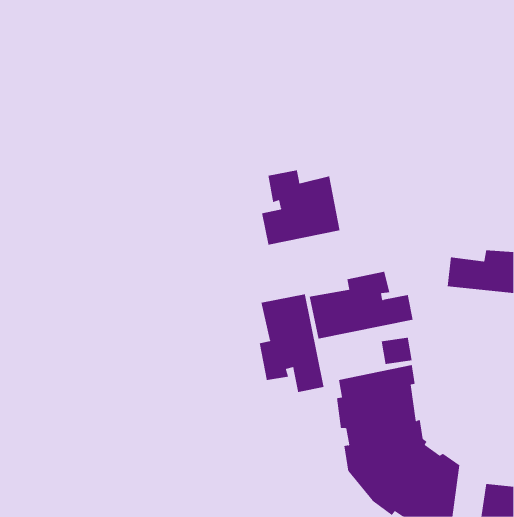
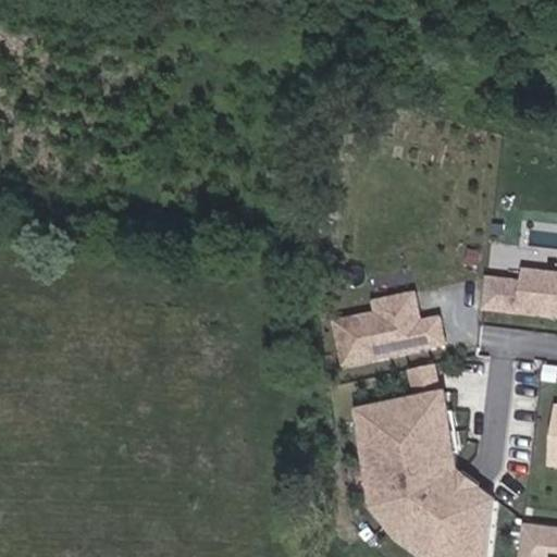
building: [261,170,340,246] -> none
building: [259,294,324,393] -> none

